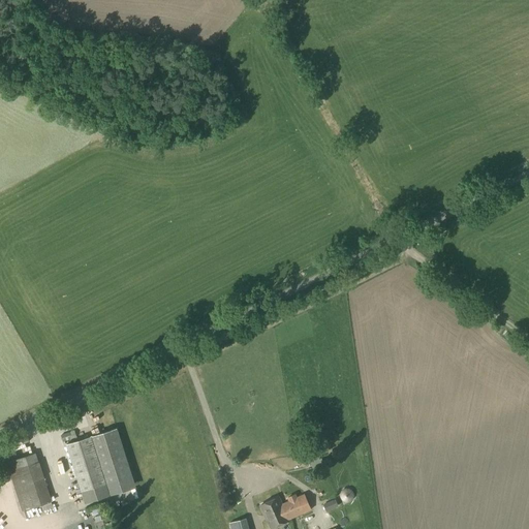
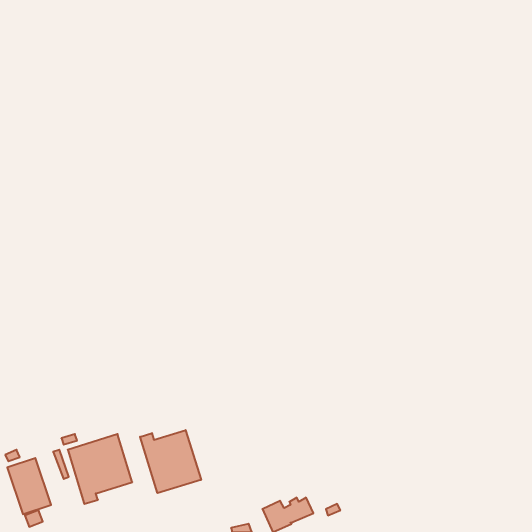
building: none -> [140,430,201,493]

